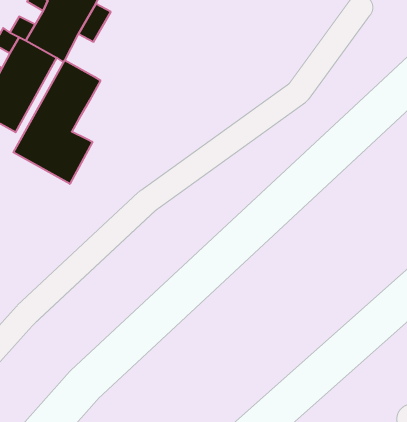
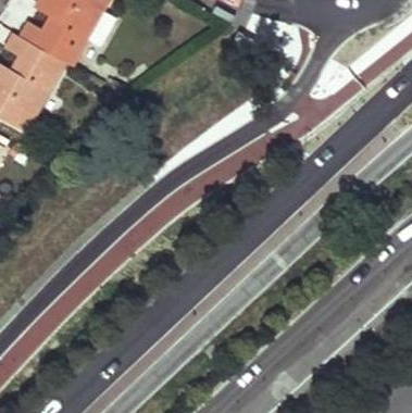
building: [13,60,100,184] -> none

